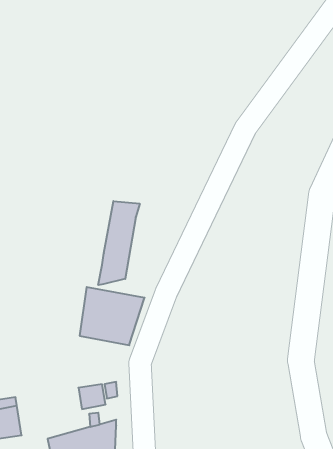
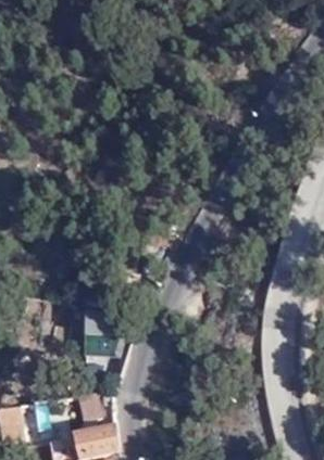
building: [98,201,140,285] -> none

